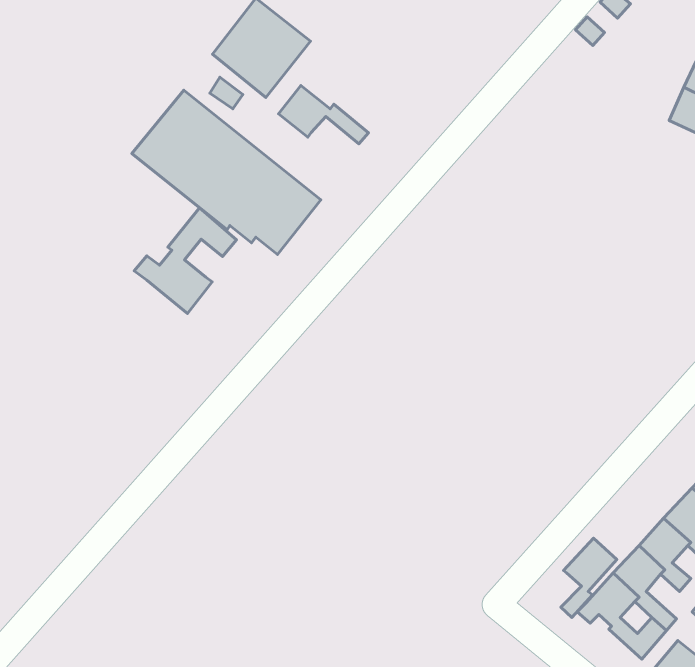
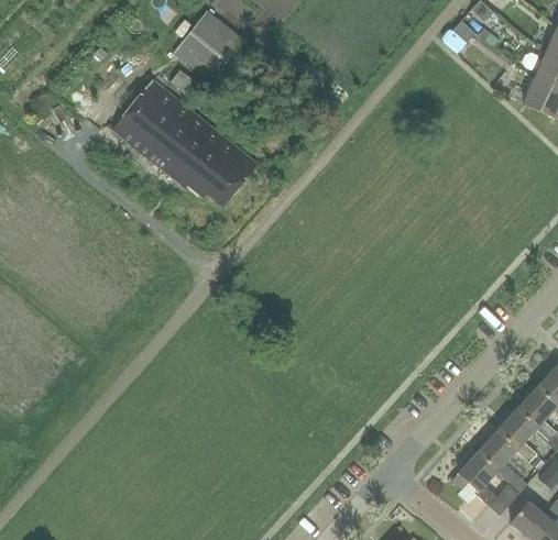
building: [278,85,369,144] -> none
building: [134,208,236,313] -> none
building: [561,538,617,618] -> none

